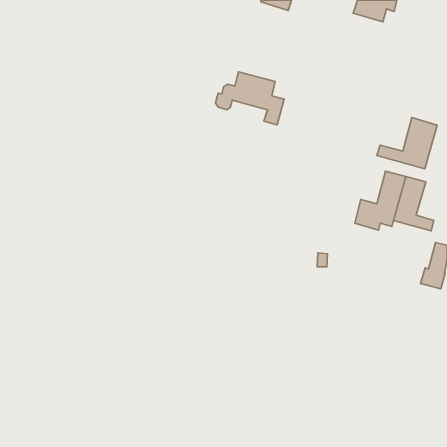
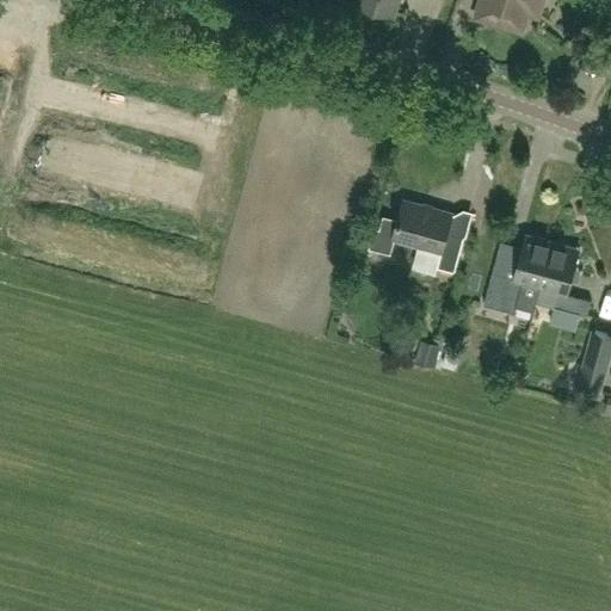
building: [216,72,284,125] -> [370,202,463,273]
building: [377,118,437,169] -> none

